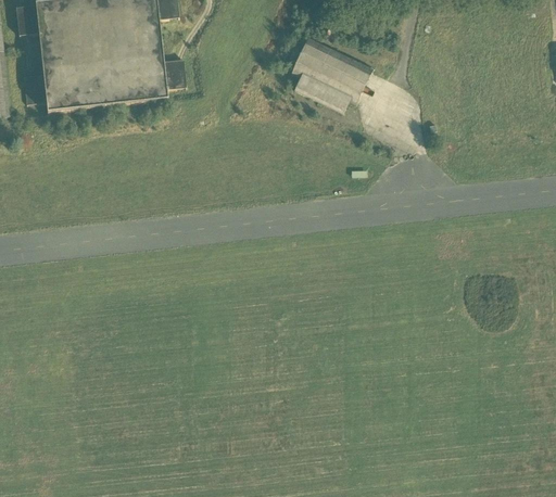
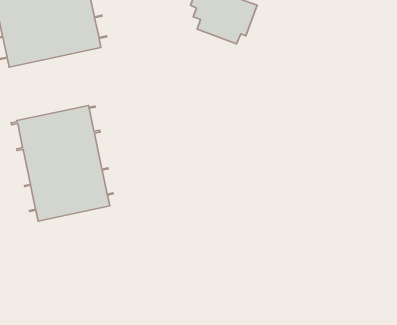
building: none -> [11,105,113,221]

